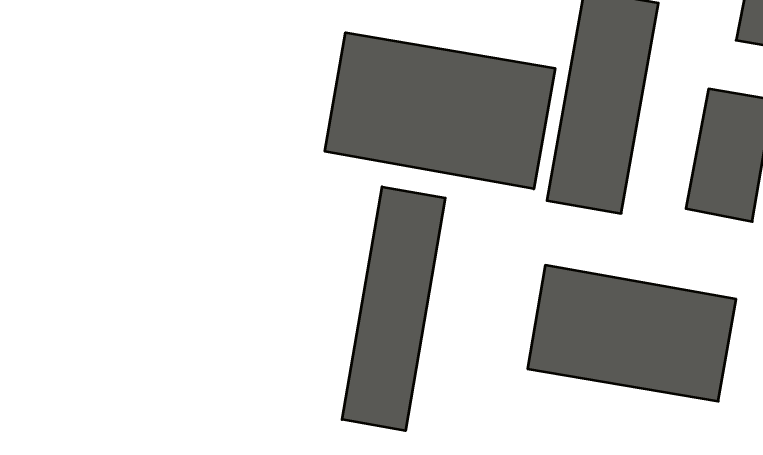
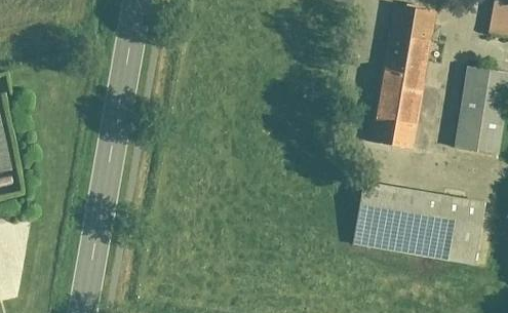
building: [325,33,555,189] -> none
building: [342,187,445,431] -> none

